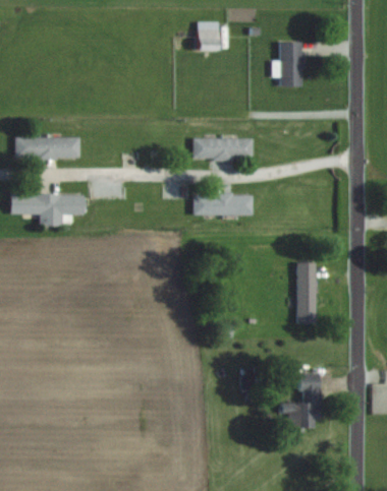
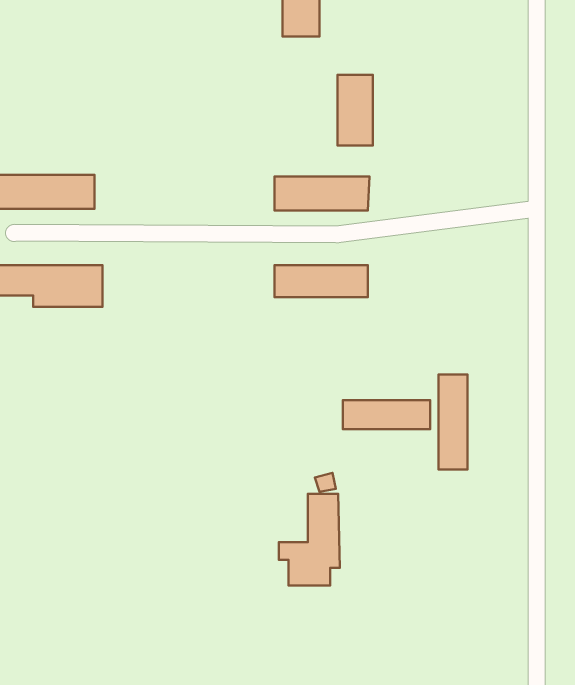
building: [280,42,302,86] -> [338,75,373,146]
building: none -> [343,400,430,429]
building: [281,373,320,431] -> [279,494,340,586]

